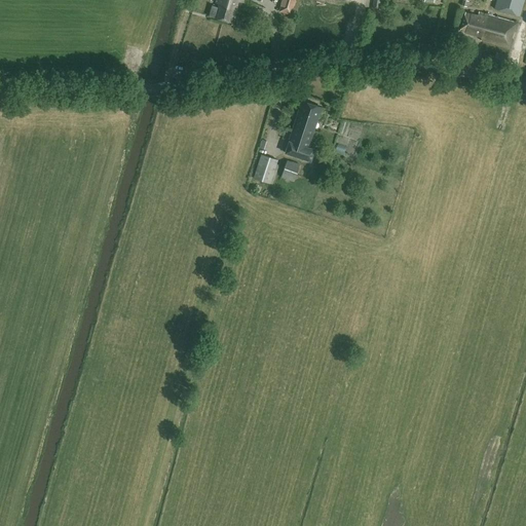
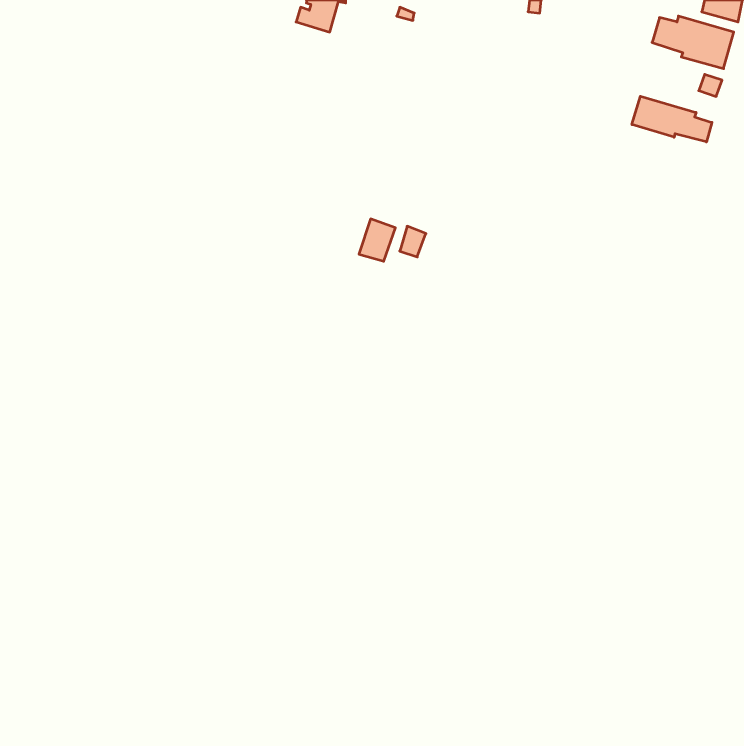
building: none -> [632,96,712,142]
building: [286,101,322,160] -> none

